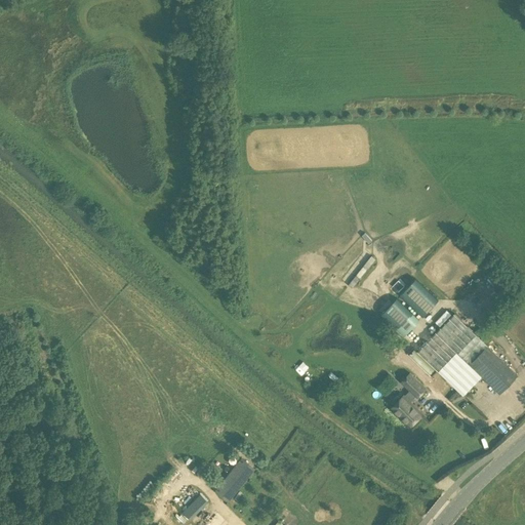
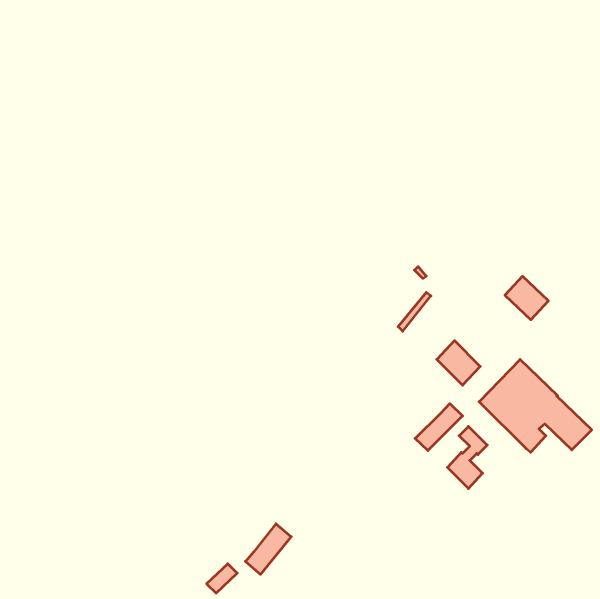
building: [400,280,438,318] -> [505,276,548,320]
building: none -> [415,404,463,451]

